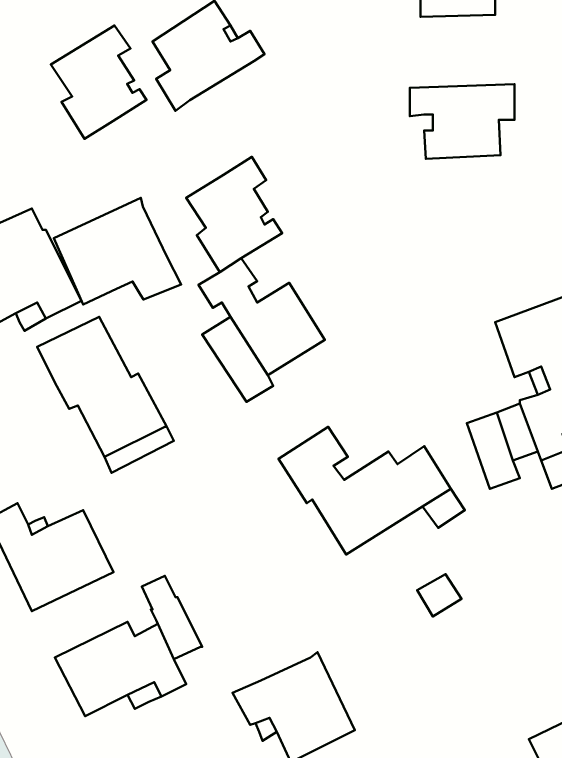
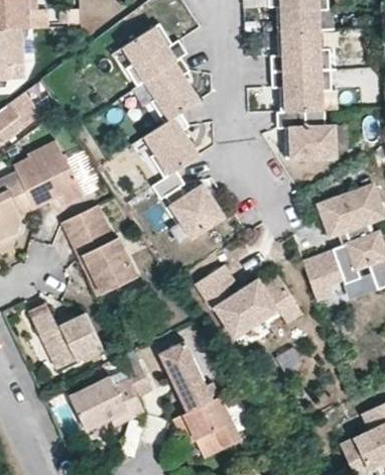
building: none -> [270,31,331,73]
building: [51,25,147,139] -> [146,57,201,122]
building: none -> [276,111,336,159]
building: [54,198,181,305] -> none
building: none -> [157,339,215,409]

